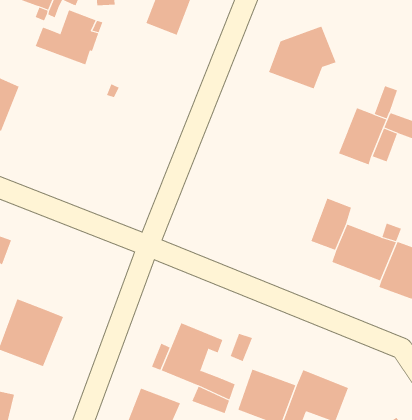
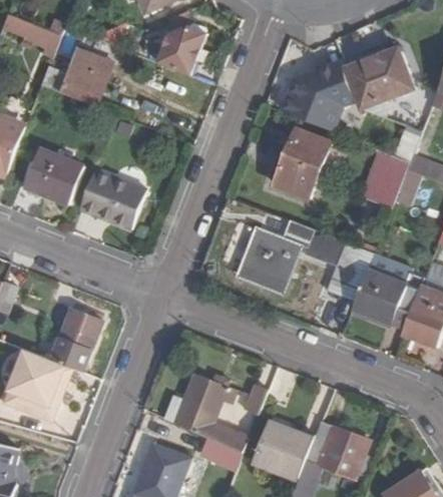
building: none -> [343,46,412,110]
building: none -> [271,128,330,200]
building: none -> [24,147,83,203]
building: none -> [79,168,145,228]
building: none -> [237,220,326,295]
building: none -> [50,309,102,372]

